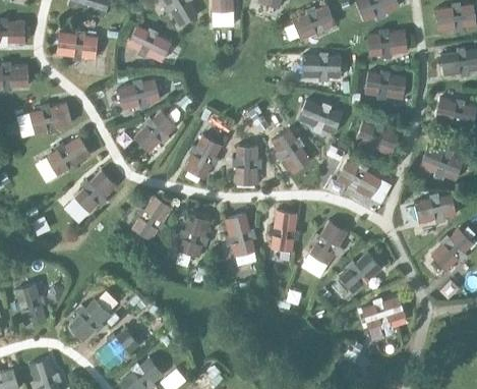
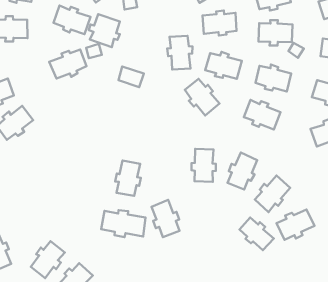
building: none -> [89,14,120,47]
building: [133,111,176,153] -> none
building: [184,135,221,179] -> none
building: [232,146,261,185] -> [167,36,192,70]
building: [74,171,116,213] -> none
building: [132,197,171,240] -> none
building: [225,214,255,257] -> [152,200,179,237]
building: none -> [101,210,146,237]
building: none -> [240,218,274,250]

